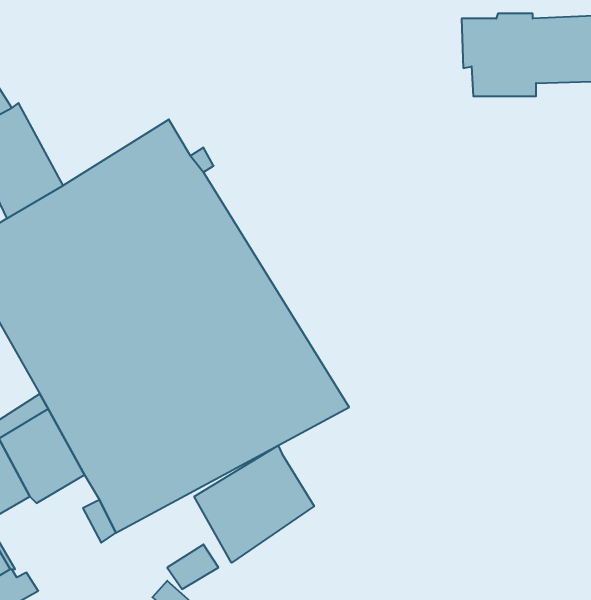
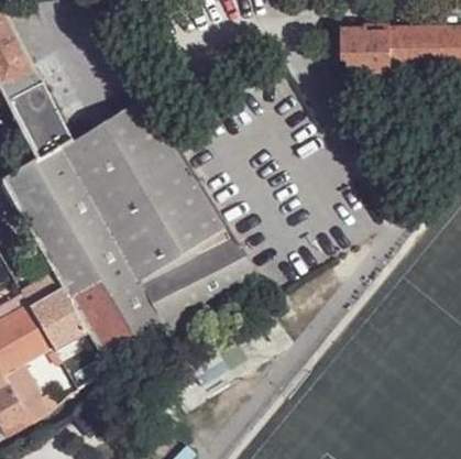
building: [194,445,314,563] -> none

